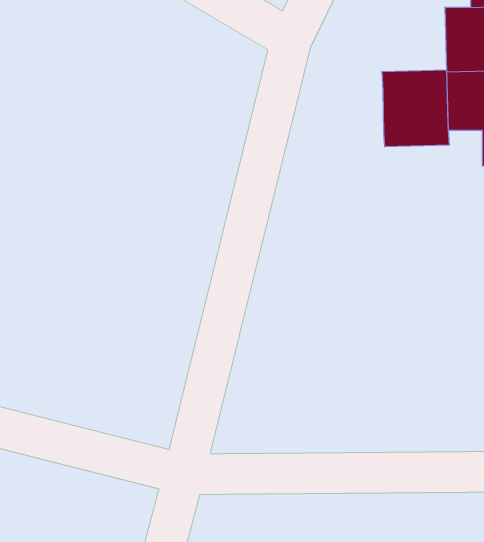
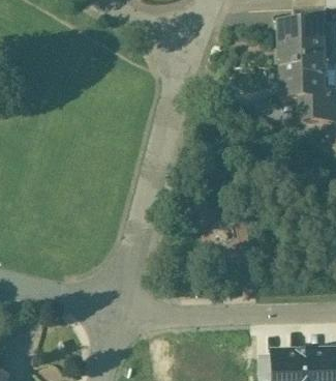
building: [382,70,449,147] -> none

